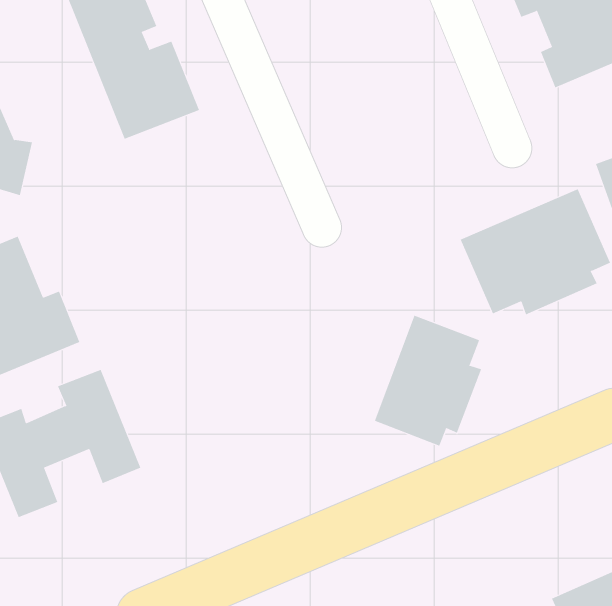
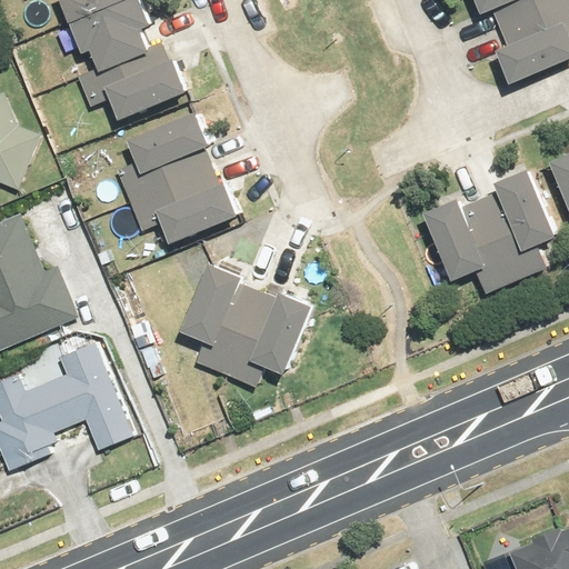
building: none -> [114,119,234,249]
building: none -> [183,261,317,388]
building: [374,315,482,446] -> none

